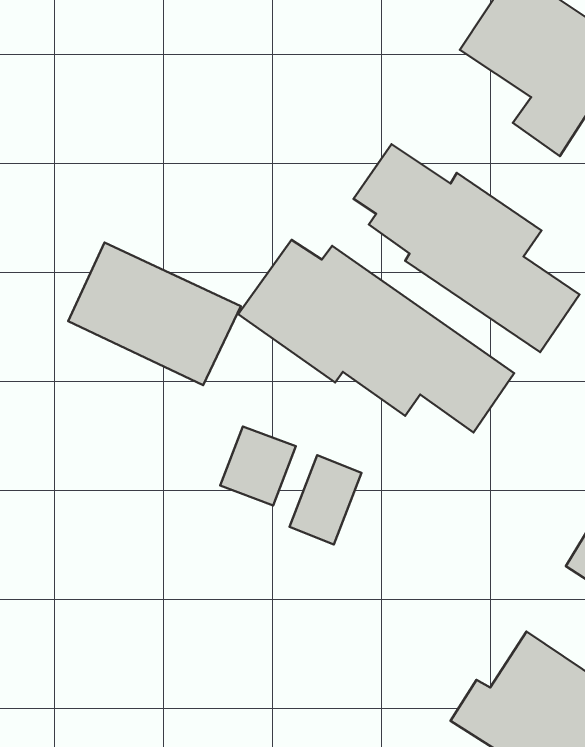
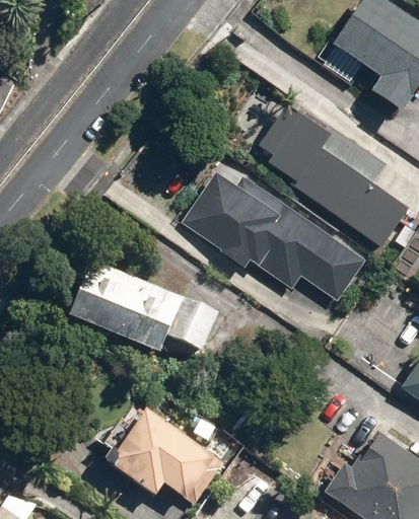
building: [68,242,241,385] -> [67,256,183,352]
building: [290,455,361,545] -> none
building: none -> [104,407,227,504]

